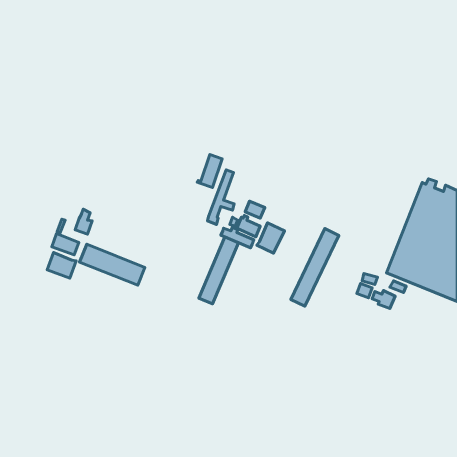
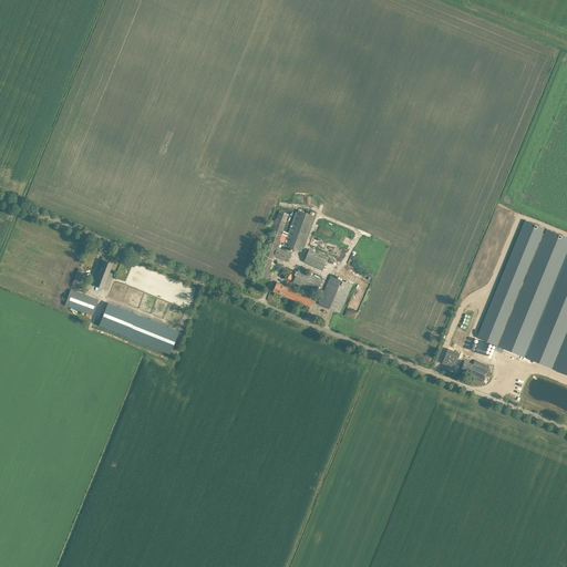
building: [197,154,222,188] -> [282,210,313,251]
building: [291,229,339,306] -> none
building: [199,237,238,304] -> none
building: [47,253,76,278] -> none

